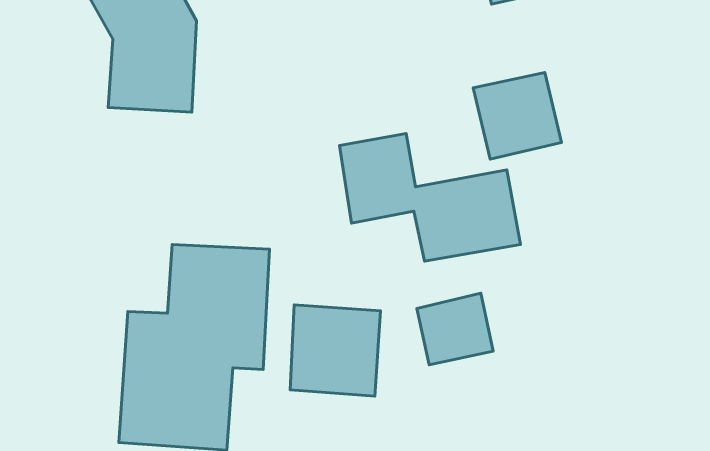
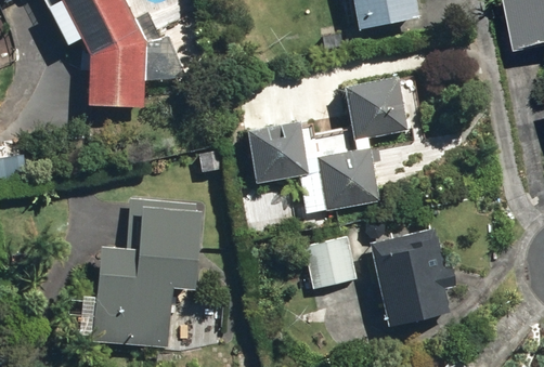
building: none -> [368,228,456,326]
building: [290,305,381,396] -> none

